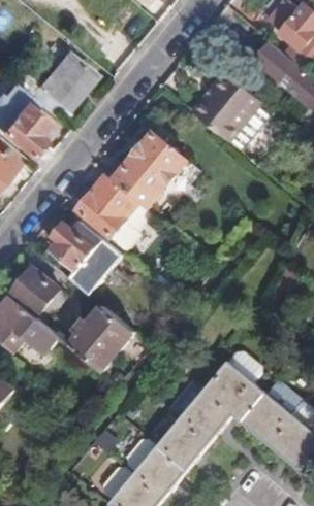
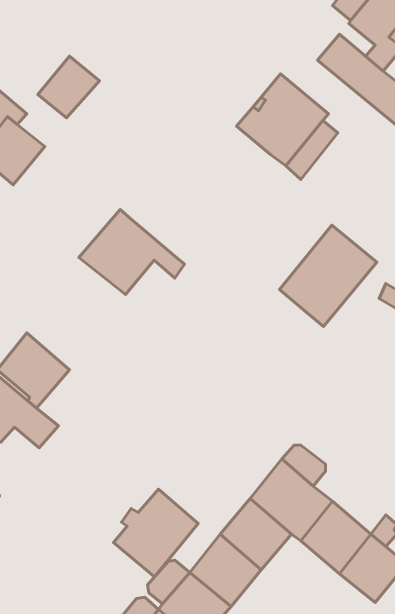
building: [113,132,186,208] -> [280,225,377,326]
building: [50,214,117,290] -> none
building: [69,305,133,371] -> [113,489,198,577]

